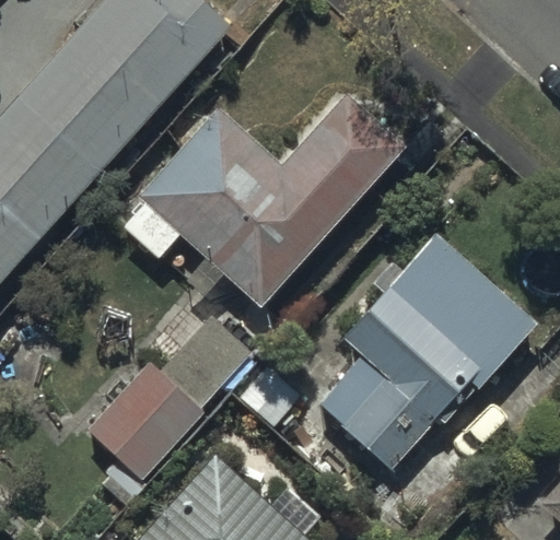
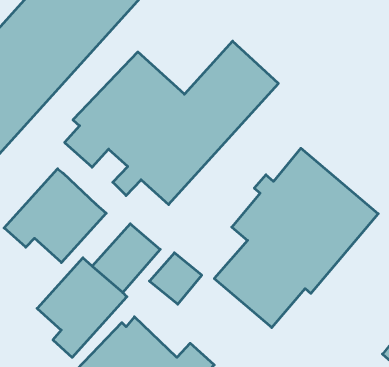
building: none -> [4,169,106,263]

